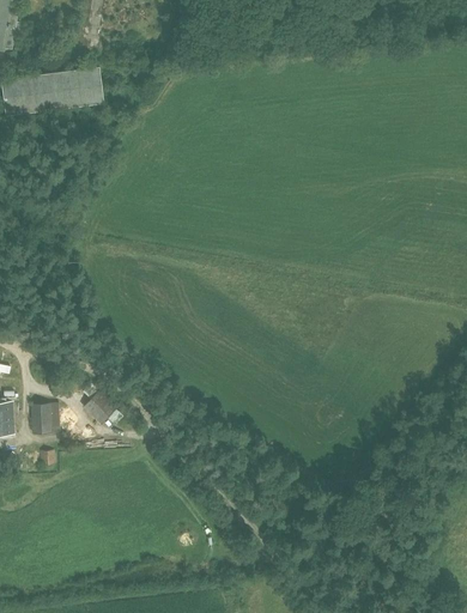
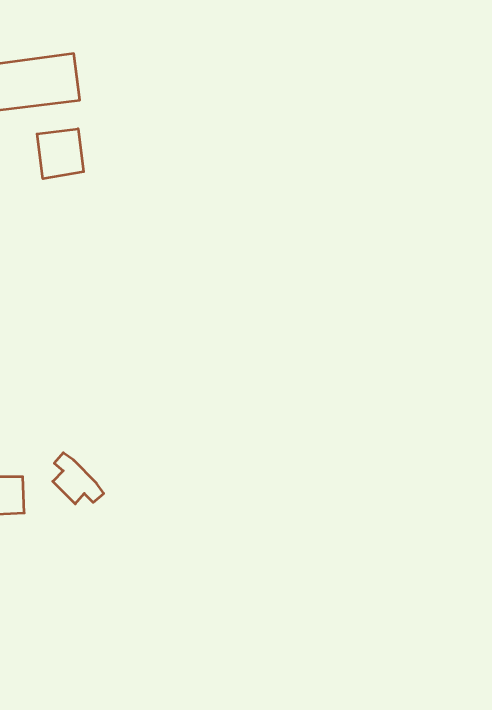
building: none -> [37,129,84,179]

